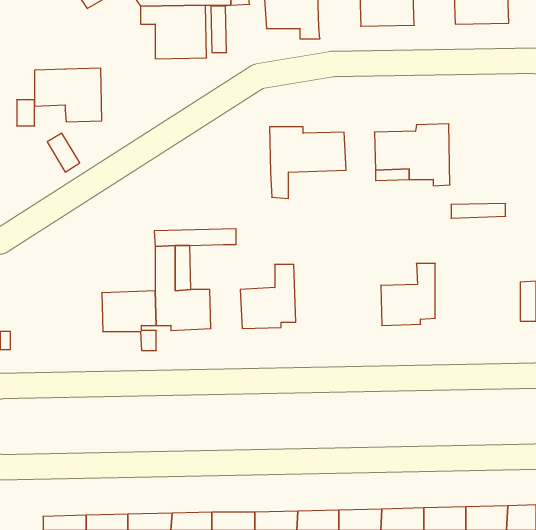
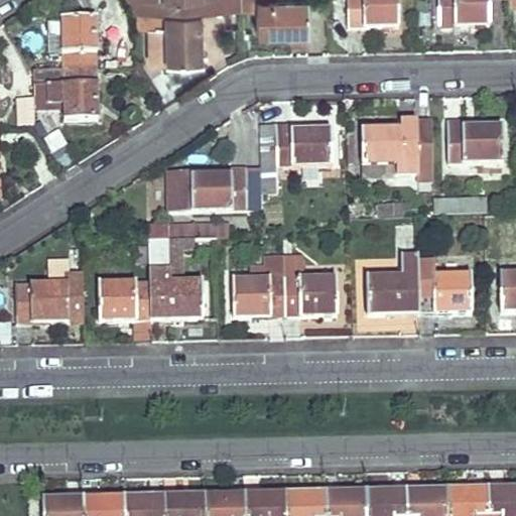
building: none -> [60,15,97,67]
building: none -> [446,118,502,160]
building: none -> [168,165,261,210]
building: none -> [418,252,470,310]
building: none -> [282,254,337,314]
building: none -> [15,272,84,319]

